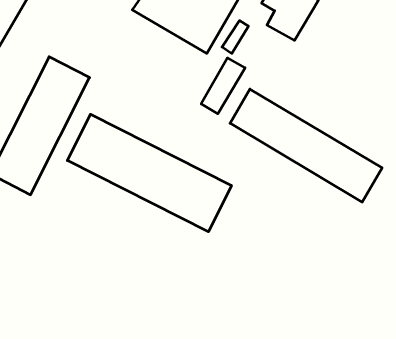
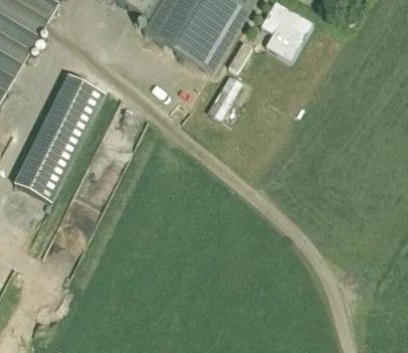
building: [230,89,382,202] -> none
building: [67,114,231,232] -> none

